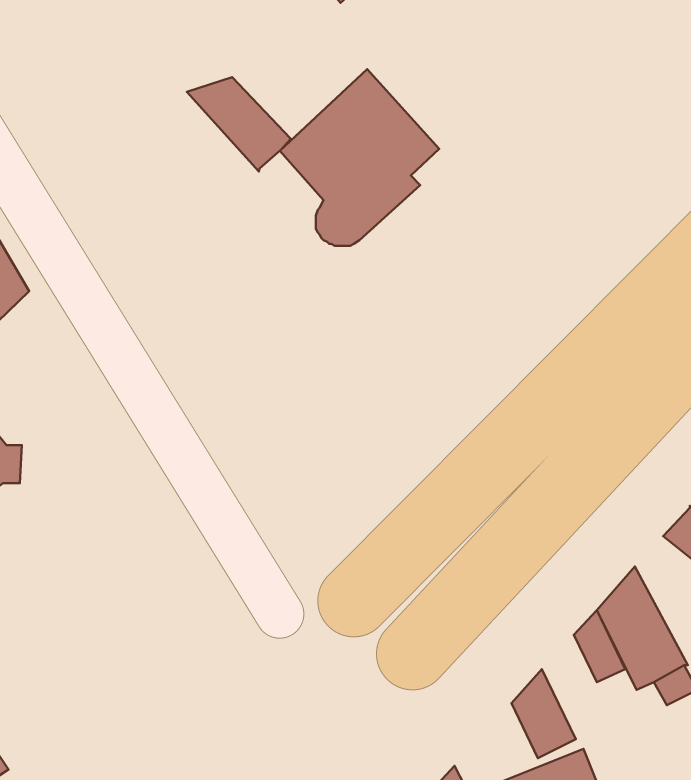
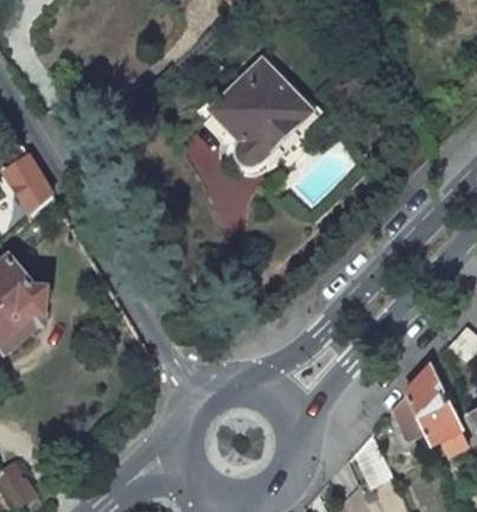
building: [187,77,291,171] -> none

